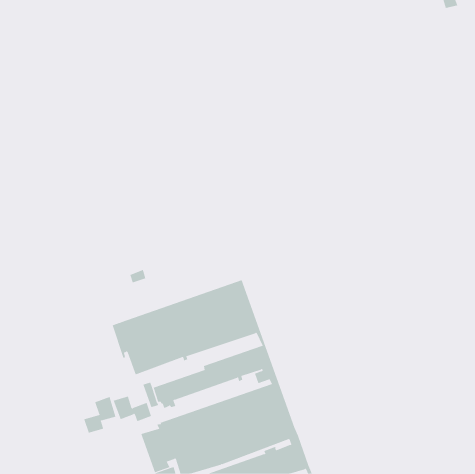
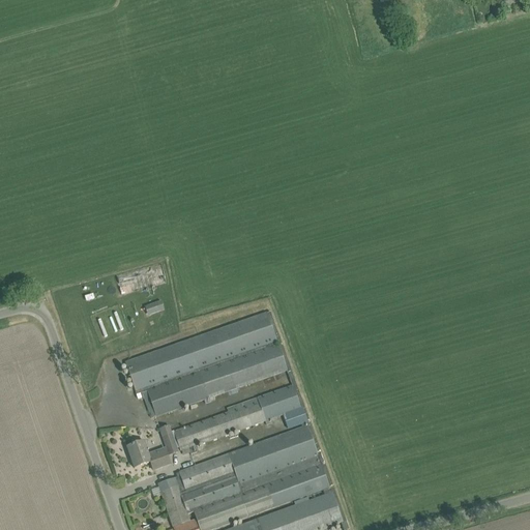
building: [83,396,116,434] -> none

